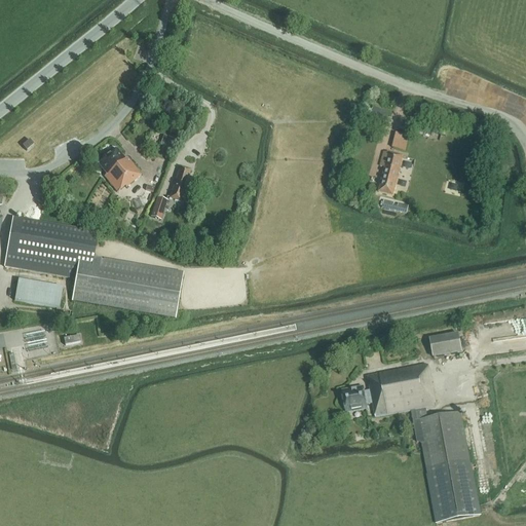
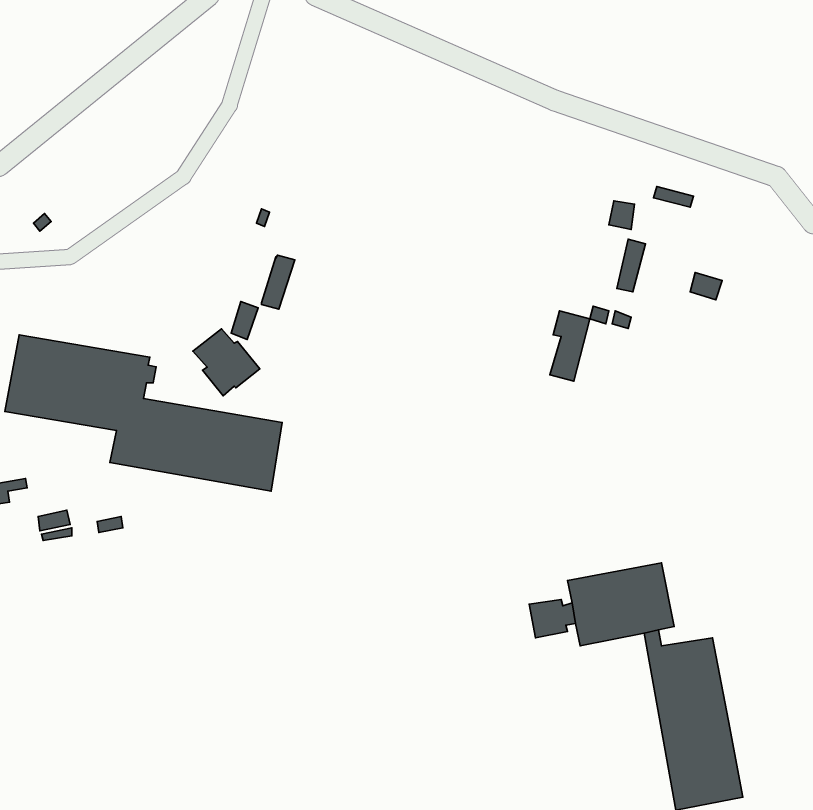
building: [97,147,140,190] -> [193,329,260,396]
building: [377,149,403,194] -> [550,311,590,381]
building: [13,277,62,306] -> none
building: [427,325,460,355] -> none

